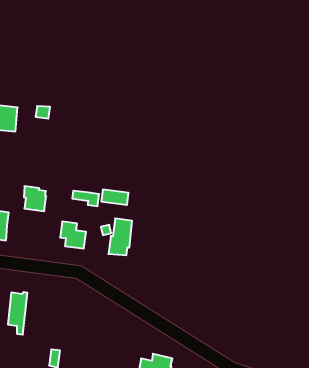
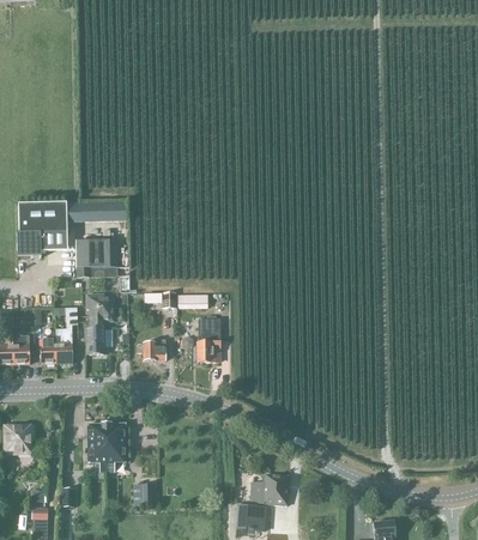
building: none -> [71,241,117,278]
building: none -> [85,322,105,354]
building: none -> [107,421,127,472]

